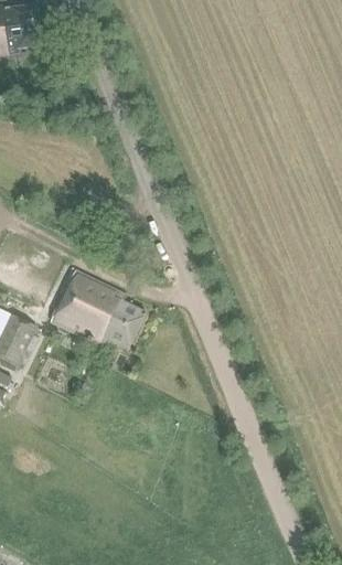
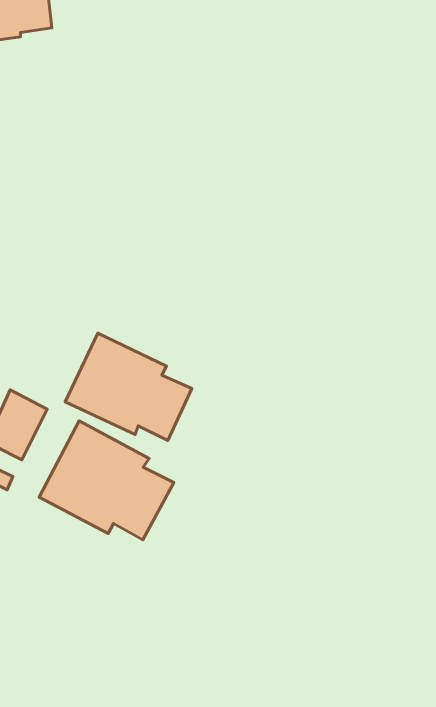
building: none -> [39,421,174,540]

